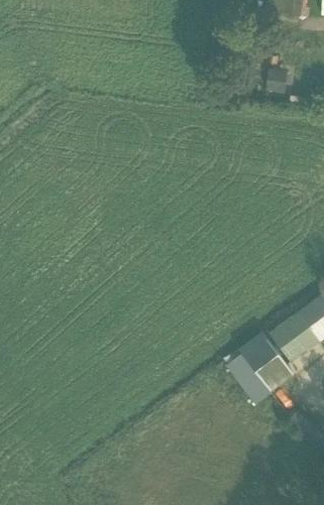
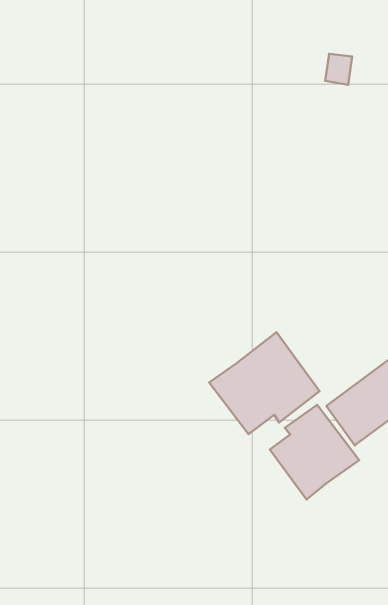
building: none -> [209,332,319,434]

